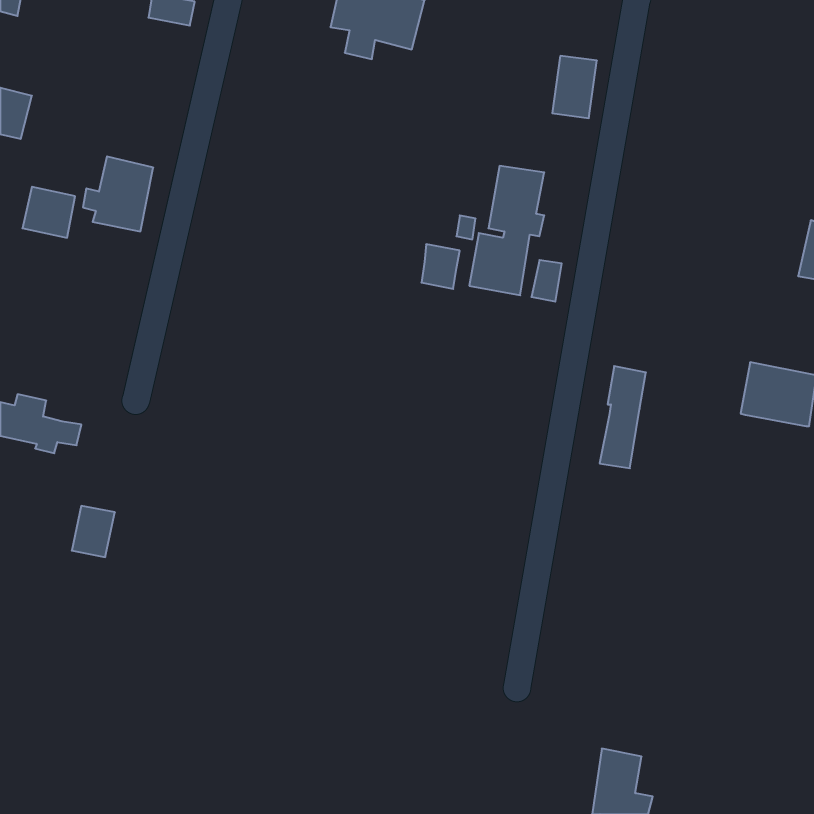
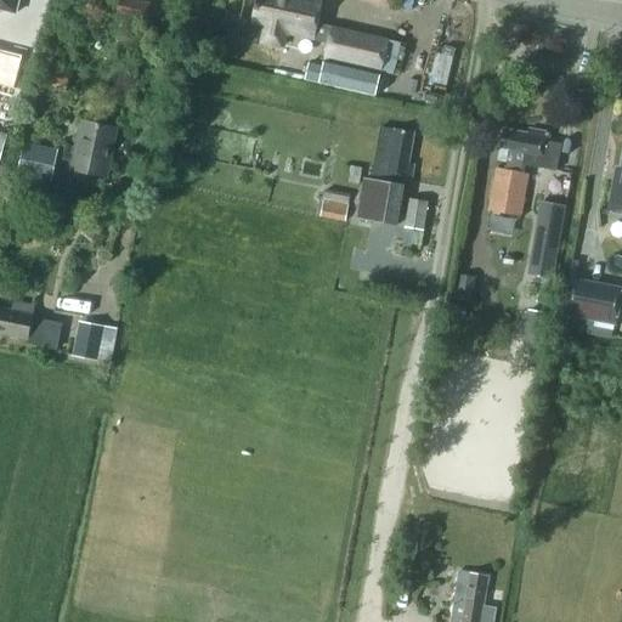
building: none -> [304,27,390,95]
building: none -> [490,129,561,215]
building: [600,366,646,468] -> [528,199,564,277]
building: [72,506,115,557] -> [74,321,107,360]

